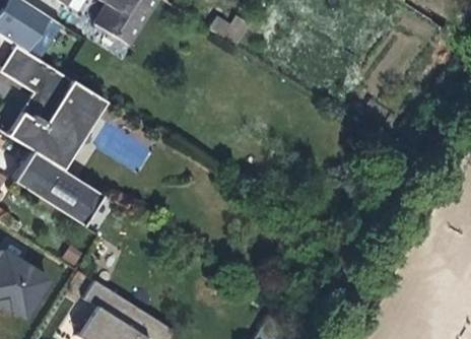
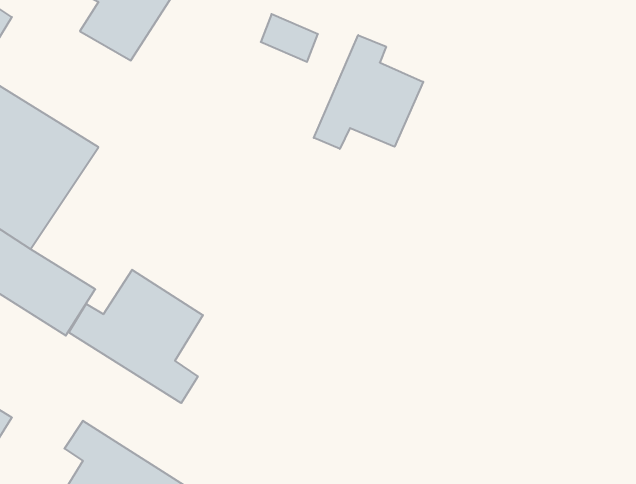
building: none -> [314,35,423,149]
building: none -> [69,270,203,403]

